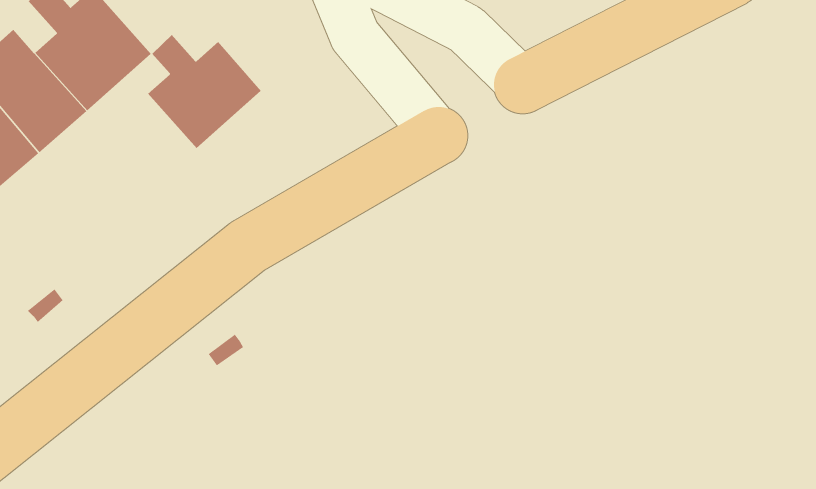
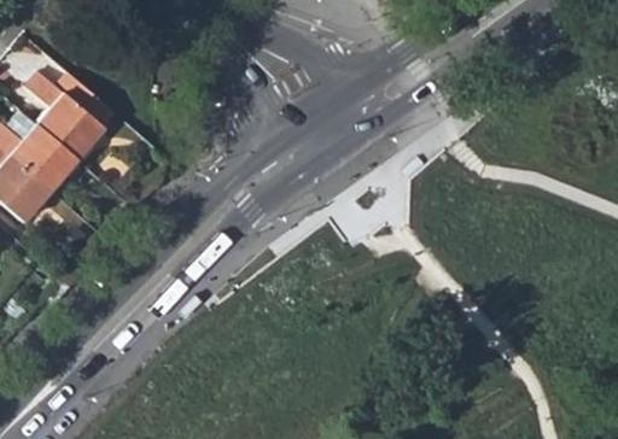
building: [147,34,262,149] -> none

